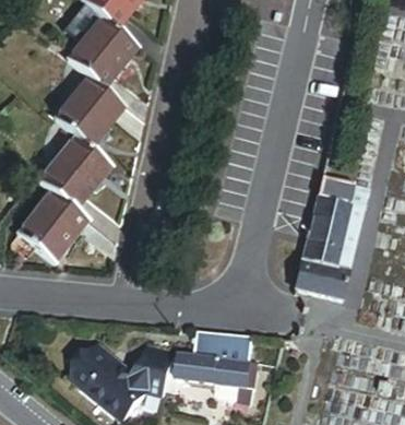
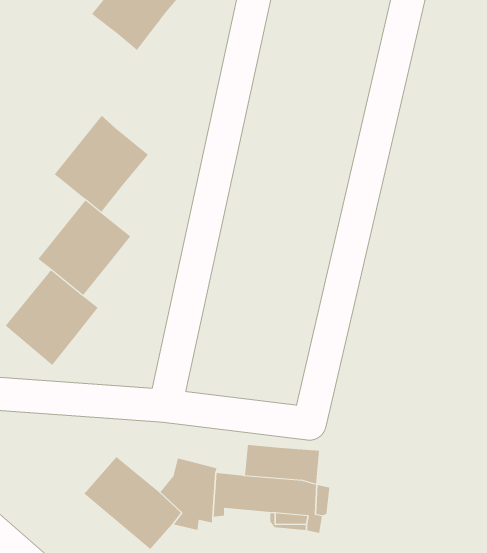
building: [65,28,132,97] -> none
building: [291,177,364,302] -> none

